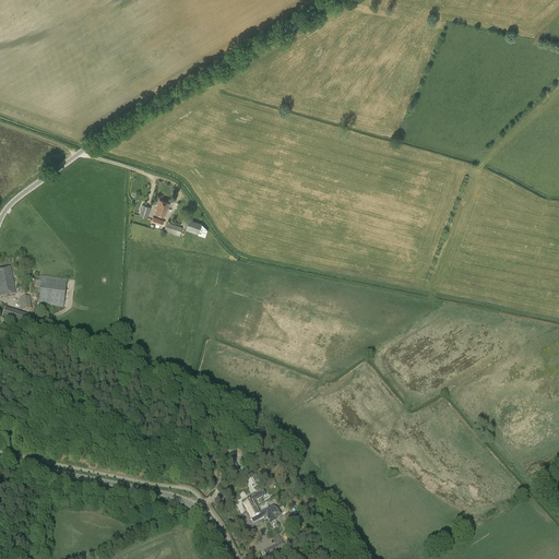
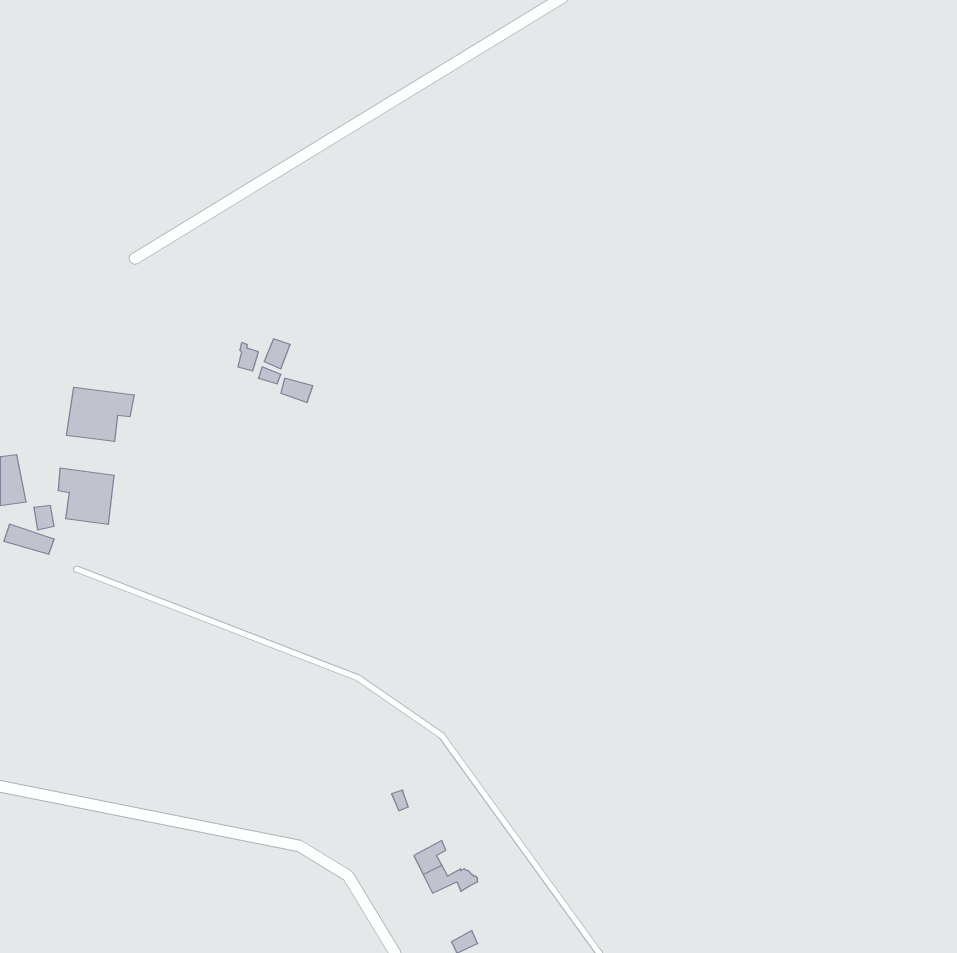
building: none -> [67,387,134,442]

